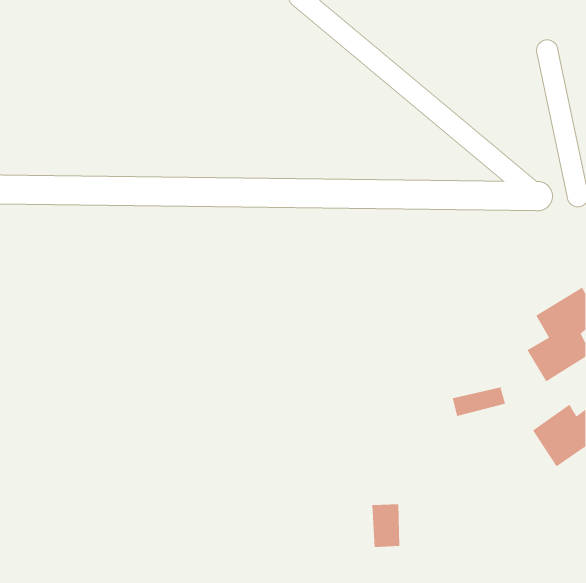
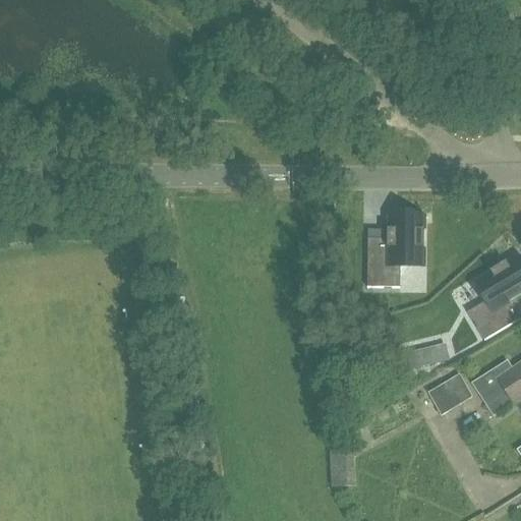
building: none -> [367,215,422,286]
building: none -> [427,372,471,414]

